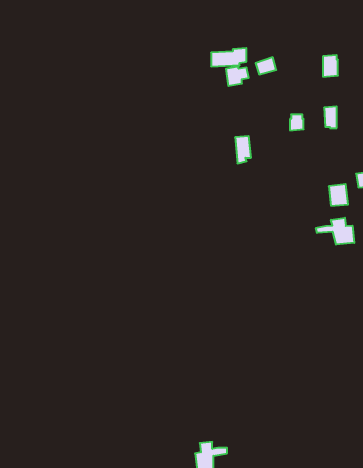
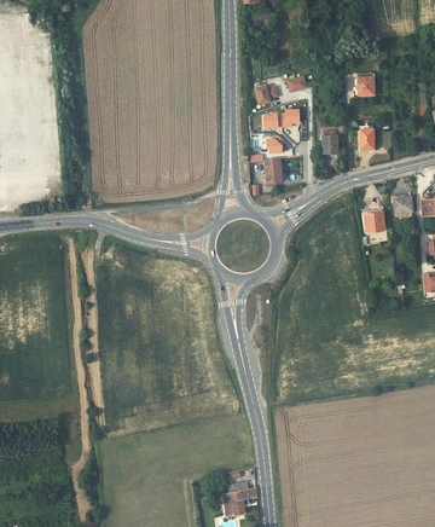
building: [211,48,246,66] -> [263,109,301,128]
building: [316,218,354,245] -> none

